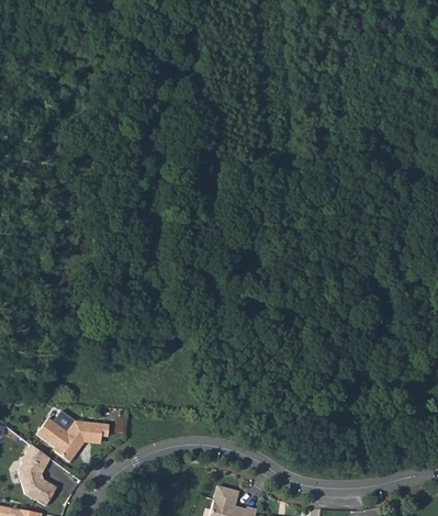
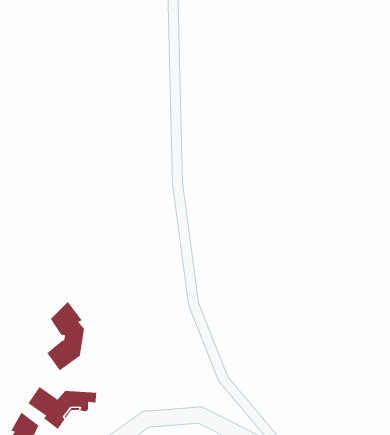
building: none -> [47,301,85,371]

